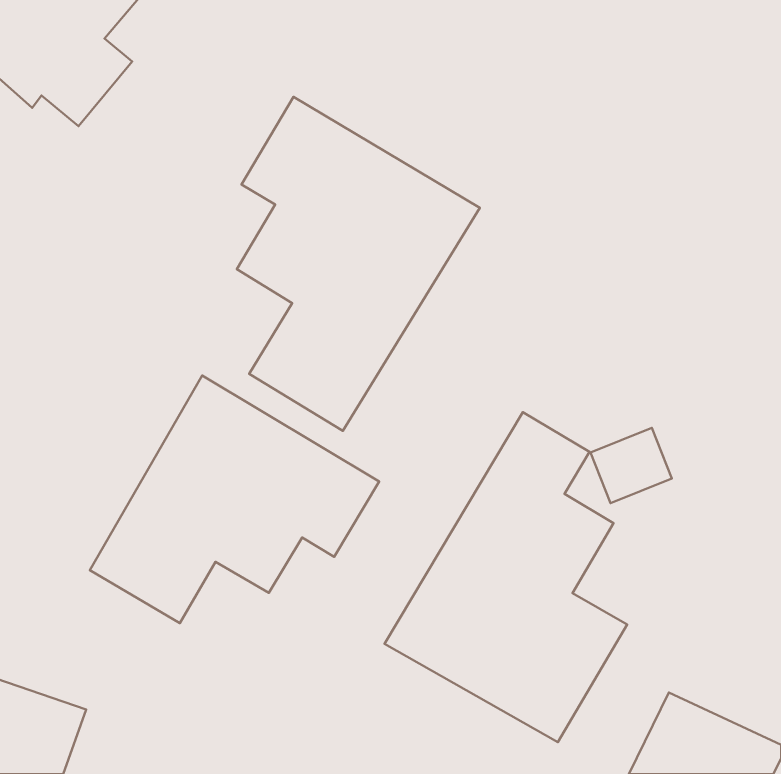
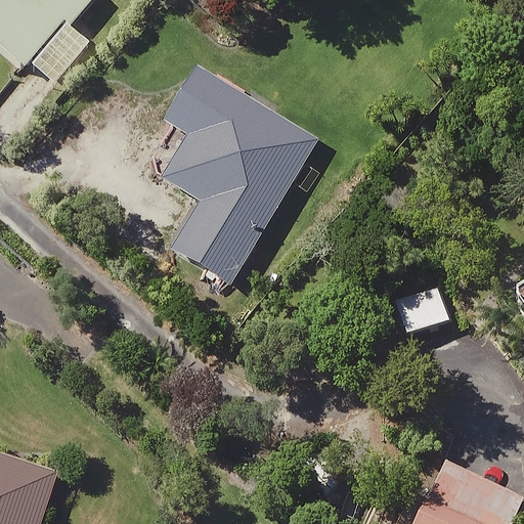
building: [90,376,379,623] -> none
building: [385,412,627,742] -> none

